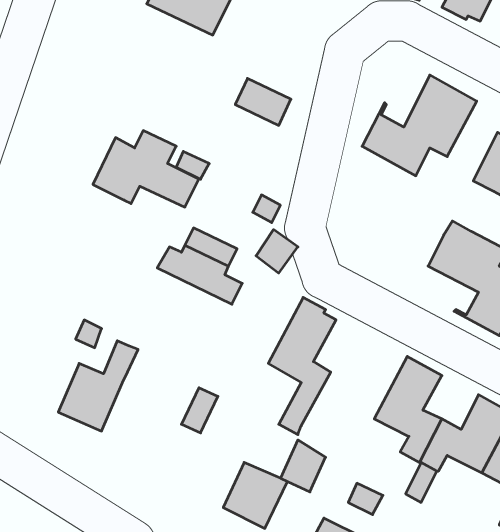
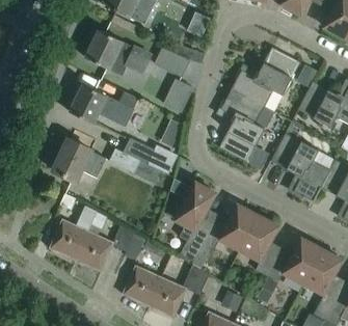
building: none -> [85,29,152,75]
building: none -> [163,77,193,112]
building: none -> [216,88,273,168]
building: none -> [52,138,106,181]
building: none -> [194,203,258,262]
building: none -> [75,229,113,270]
building: none -> [122,265,160,304]

